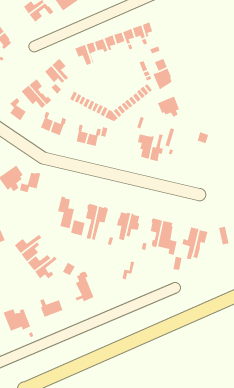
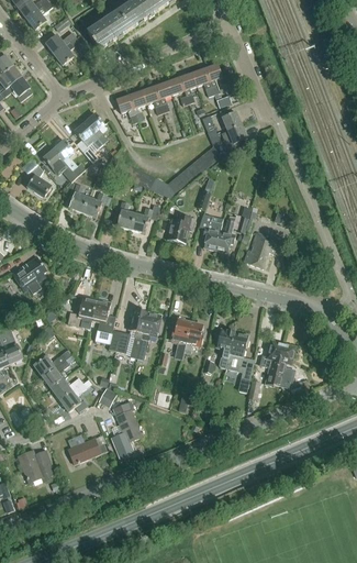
building: [157,95,180,118] -> none
building: none -> [168,213,196,243]
building: none -> [244,231,279,267]
building: [19,172,41,193] -> [68,297,98,325]

